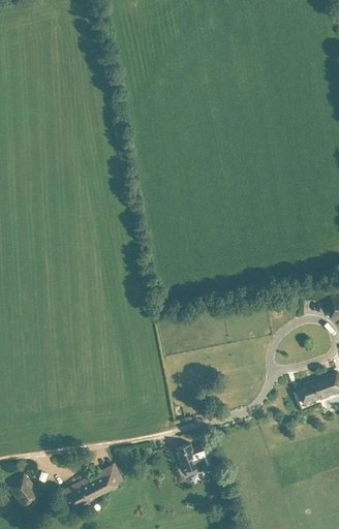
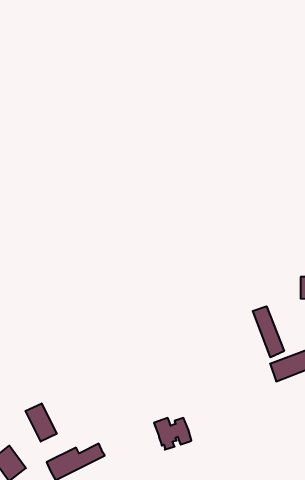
building: none -> [253,306,284,357]
building: none -> [25,403,57,442]

